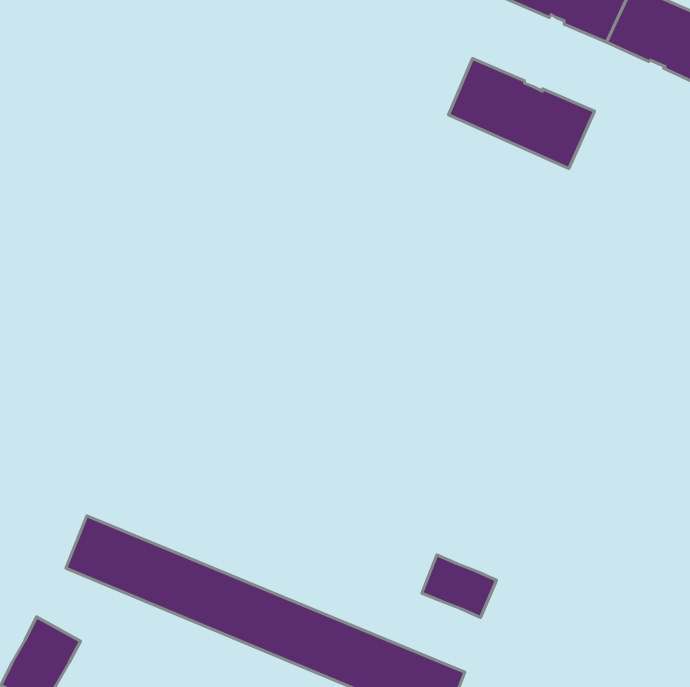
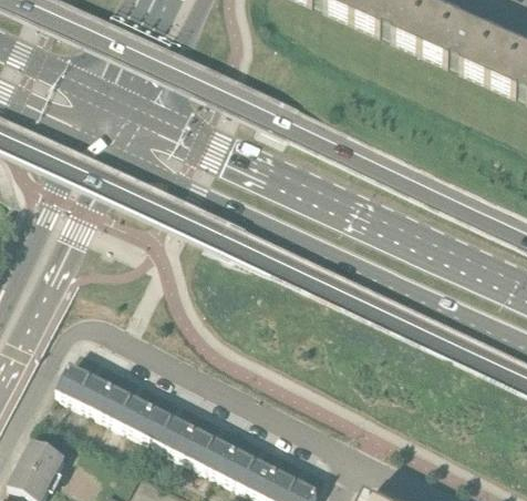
building: [448,58,594,169] -> none
building: [422,555,497,617] -> none

